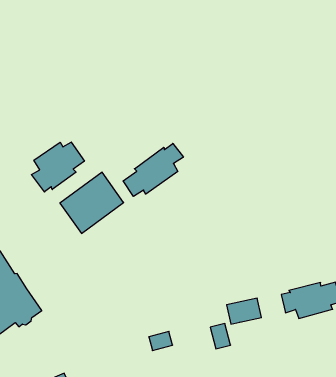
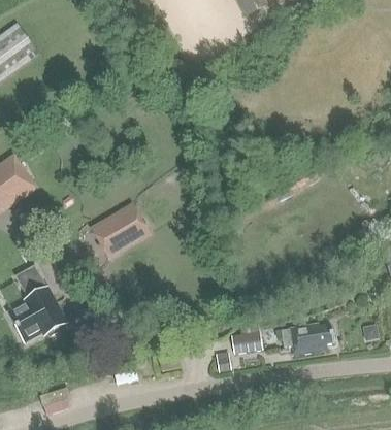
building: [31,142,84,192] -> none
building: [123,143,183,196] -> none

